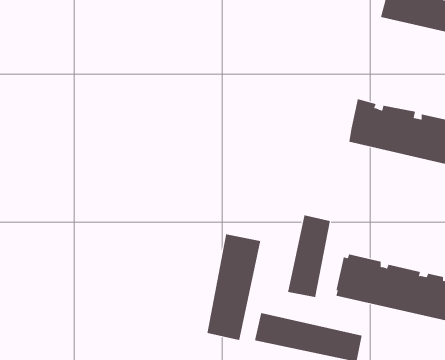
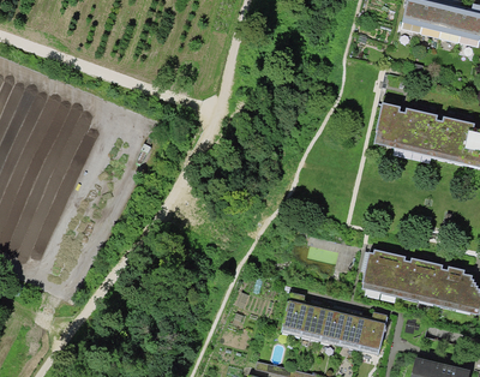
building: [288,214,330,298] -> none
building: [207,234,261,341] -> none

